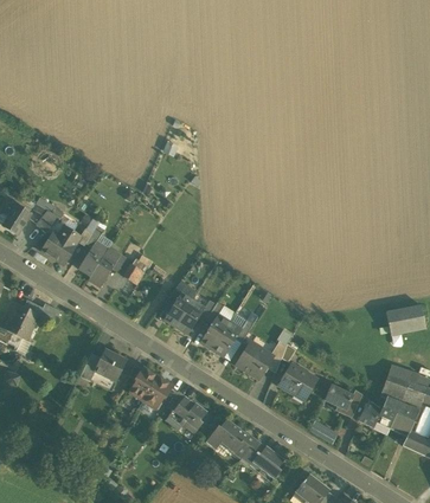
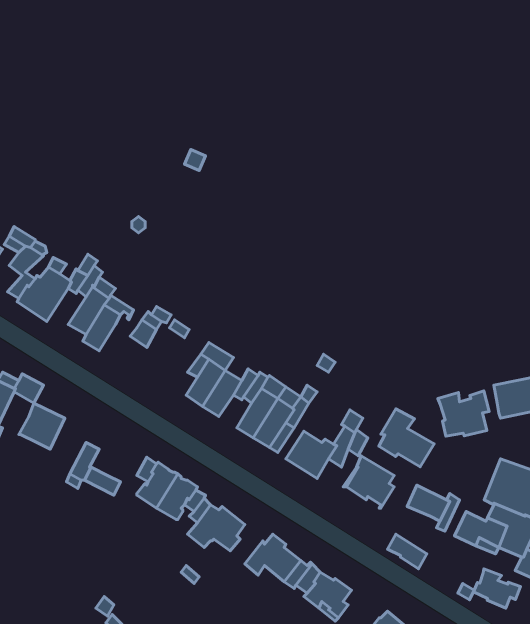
building: none -> [438,391,489,436]
building: none -> [379,409,434,467]
building: [94,348,127,381] -> [19,403,65,449]
building: none -> [474,569,520,608]

